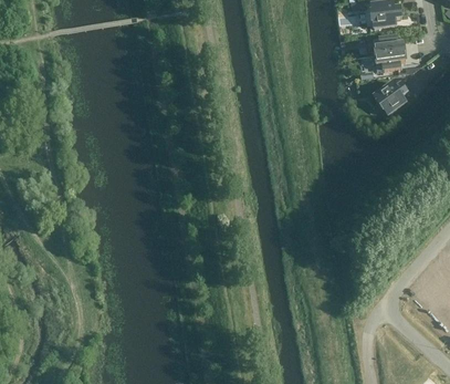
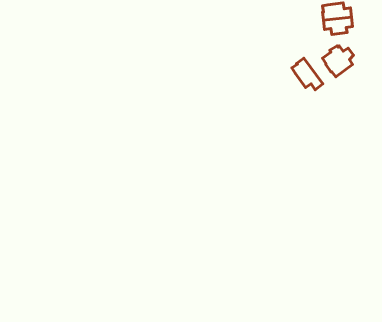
building: none -> [292,58,323,90]

